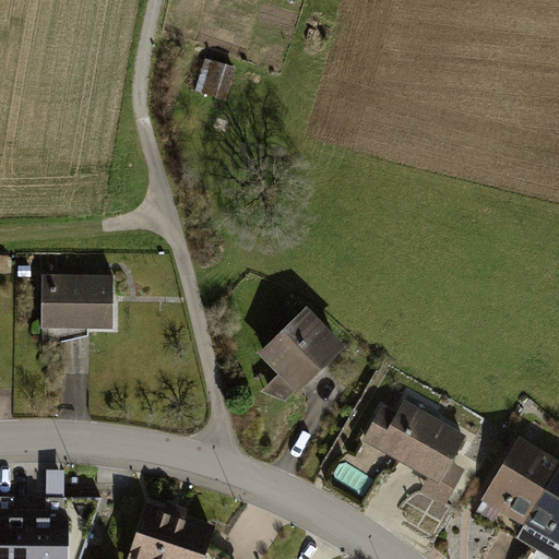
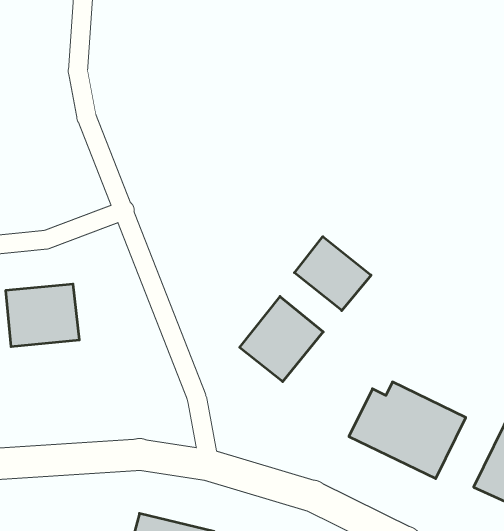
building: [195,56,234,96] -> none
building: none -> [294,237,371,311]

